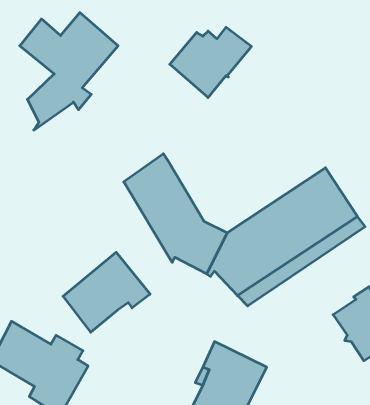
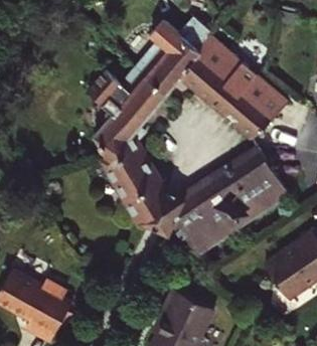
building: [20,13,118,130] -> [89,66,166,159]
building: none -> [181,37,287,136]
building: [63,252,150,332] -> none

